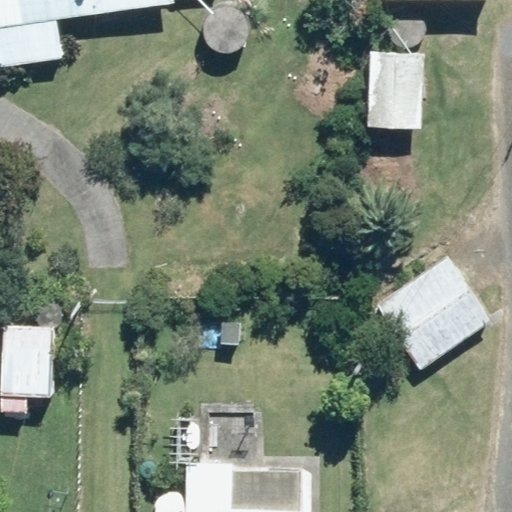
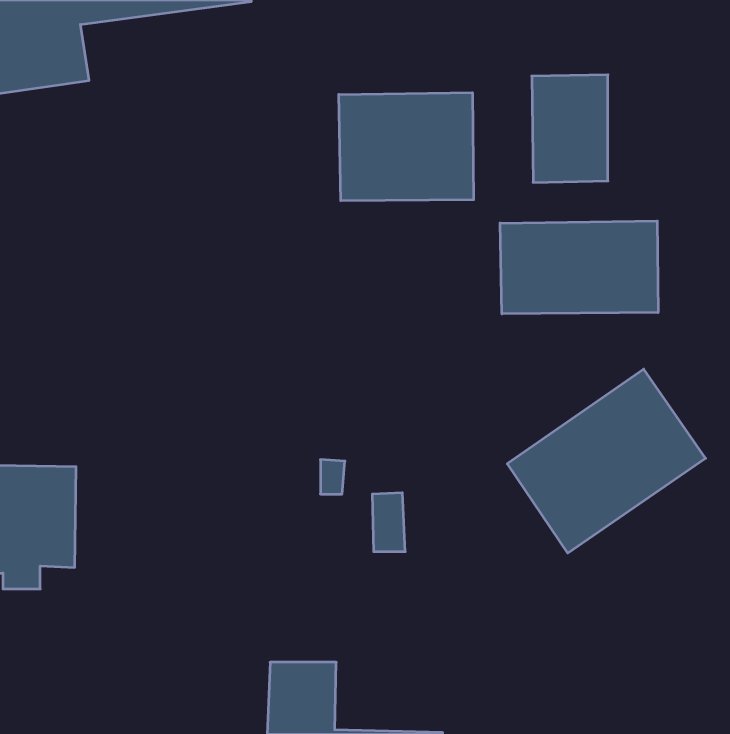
building: none -> [339,93,474,201]
building: none -> [500,221,658,314]

